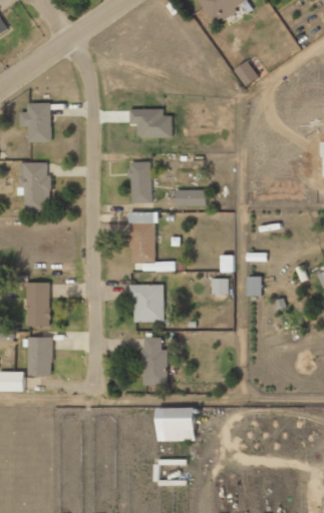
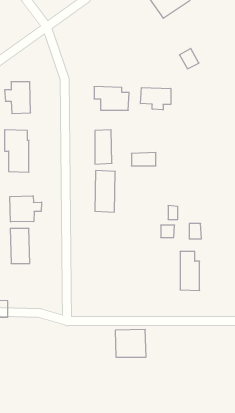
building: none -> [141,88,171,110]
building: none -> [10,196,42,222]
building: [129,285,165,323] -> none
building: [27,337,52,376] -> none
building: [143,338,168,386] -> [180,252,200,291]

